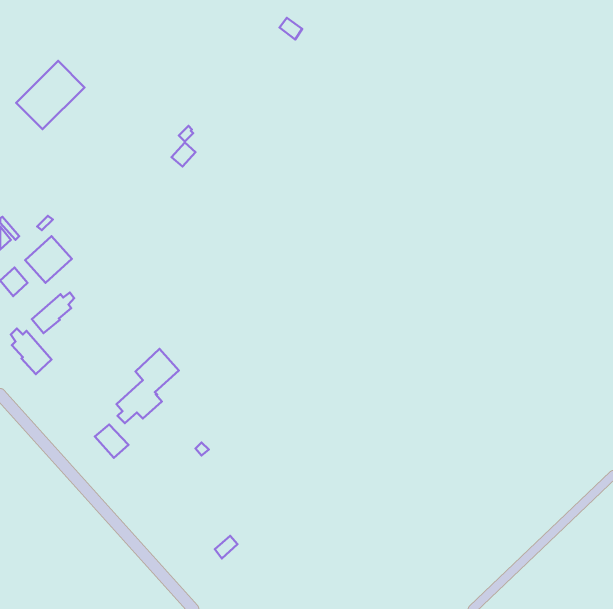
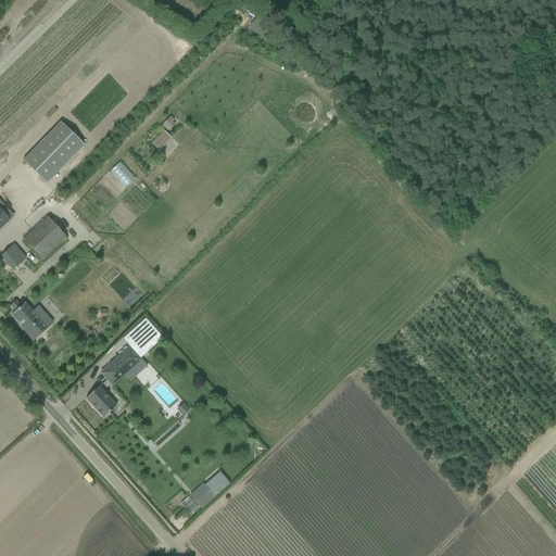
building: [16,61,85,129] -> [22,119,84,181]
building: [32,292,74,333] -> none

